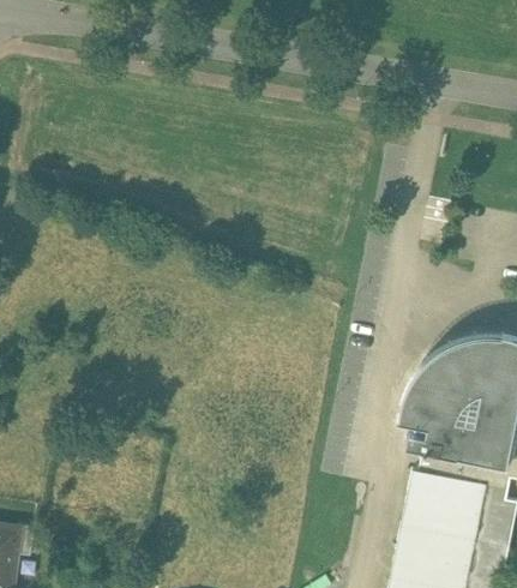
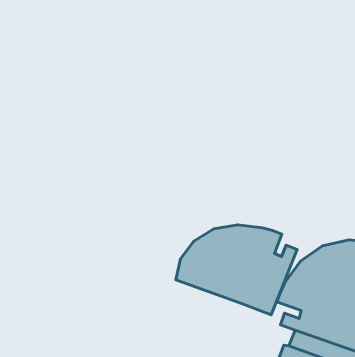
building: none -> [176,225,297,315]

